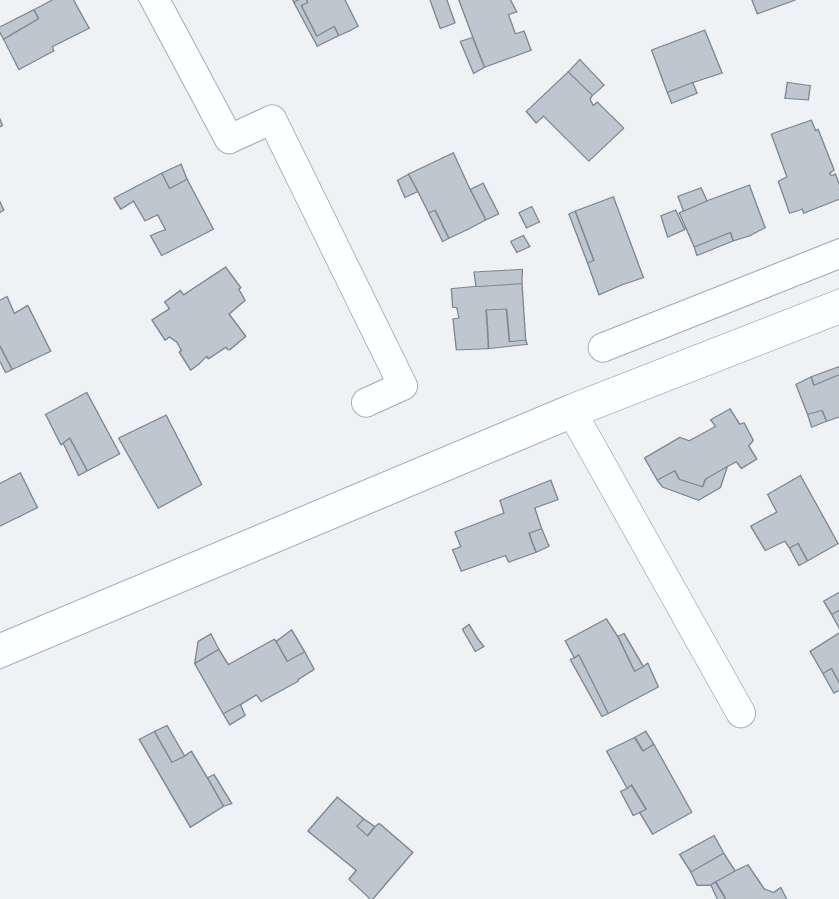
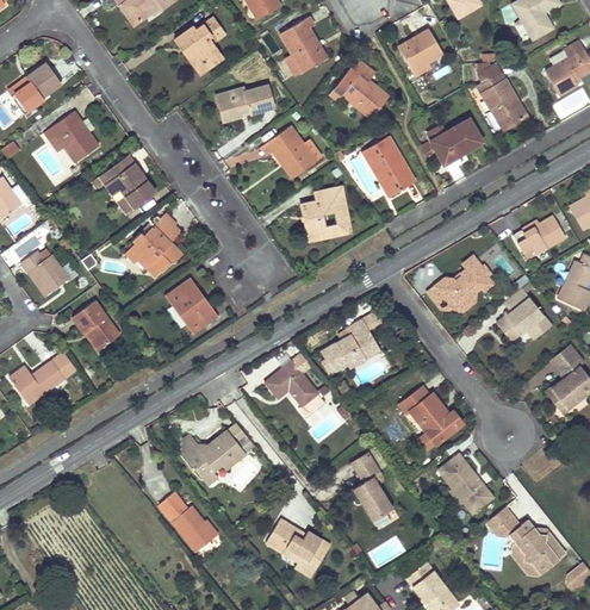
building: none -> [44,112,99,162]
building: none -> [217,86,274,120]
building: [119,415,202,508] -> [164,278,218,334]
building: none -> [266,357,321,404]
building: none -> [350,452,392,521]

